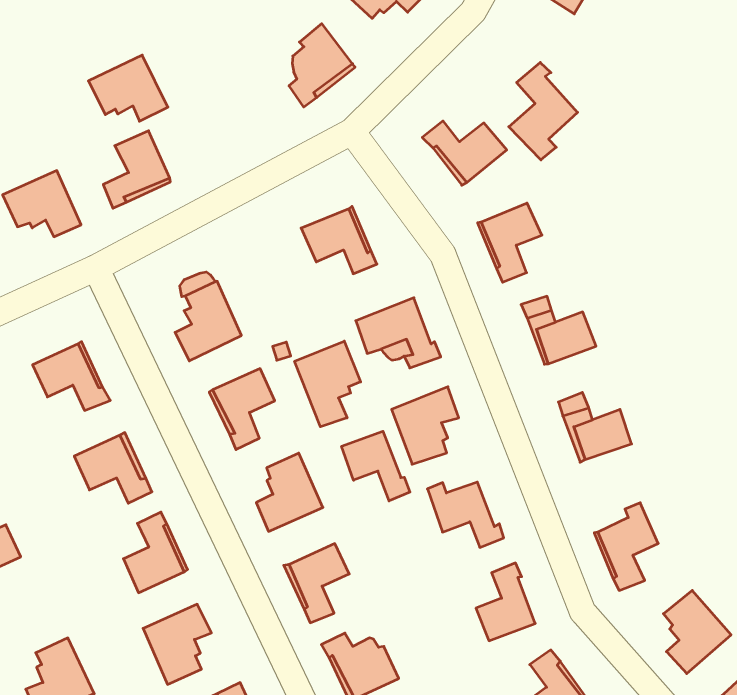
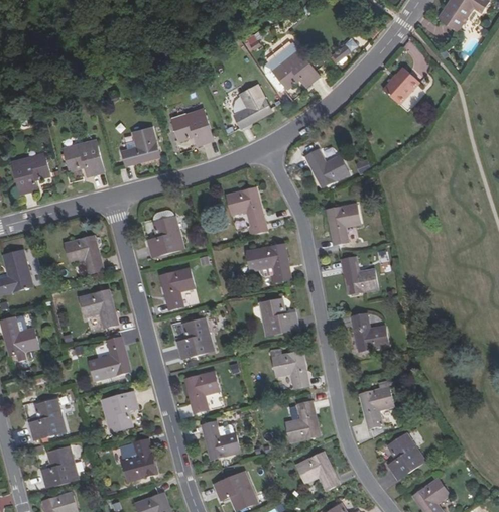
building: [88,55,168,121] -> [174,107,216,143]
building: [509,62,578,160] -> none
building: [295,341,361,427] -> none
building: [342,431,410,501] -> none

